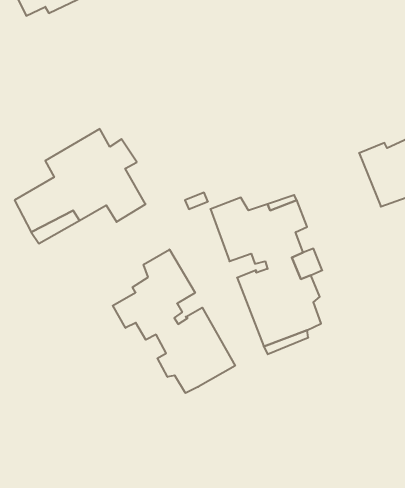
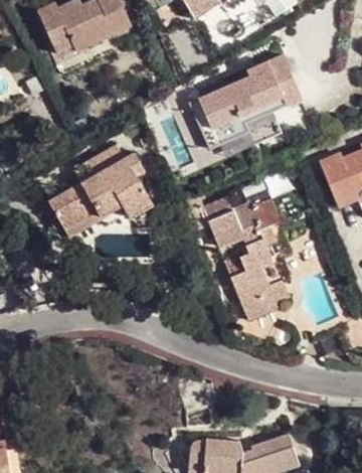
building: none -> [189,52,304,149]
building: [113,249,235,393] -> none

